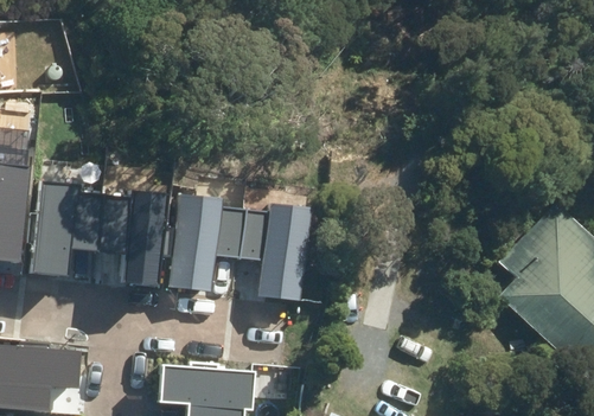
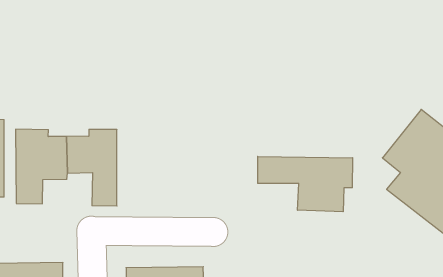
building: [162,192,311,299] -> none
building: none -> [258,156,353,212]

